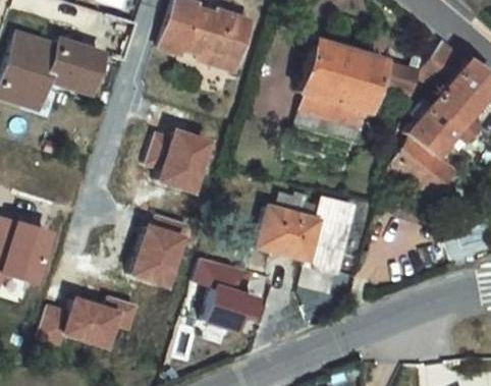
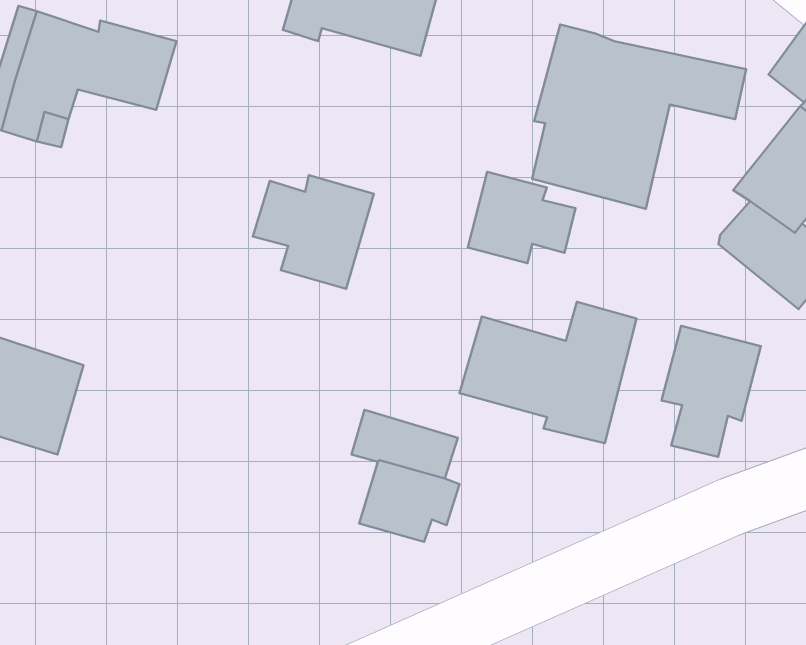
building: none -> [468,172,575,263]
building: none -> [662,326,761,457]
building: [132,211,187,284] -> none
building: [36,293,137,346] -> none

